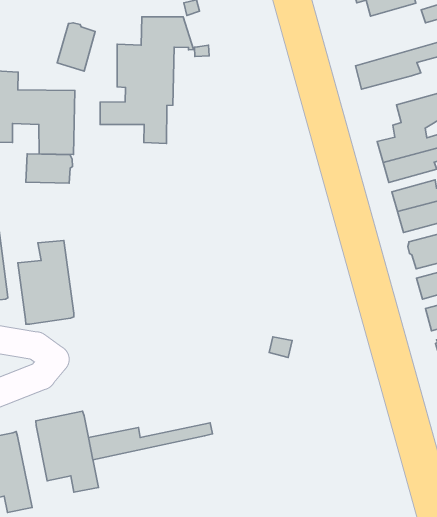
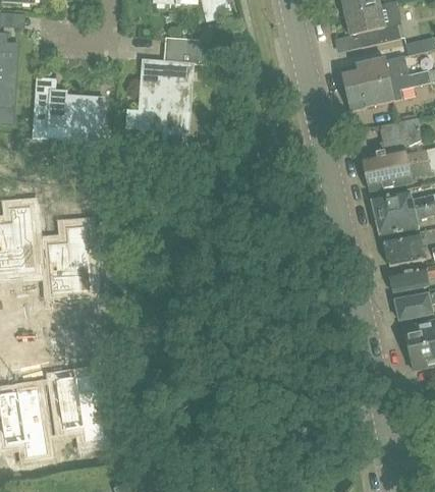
building: [57,23,95,71] -> none
building: none -> [340,55,409,89]
building: [26,154,72,183] -> none
building: [89,423,212,460] -> none

